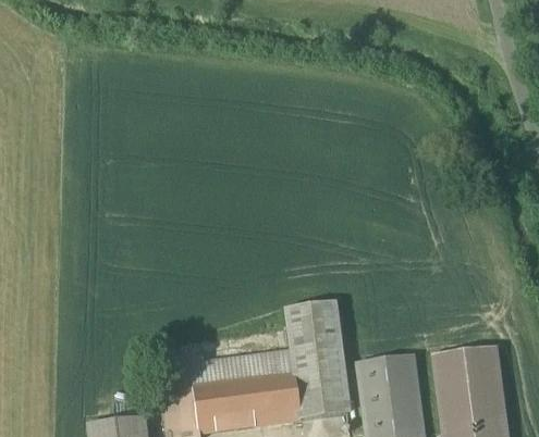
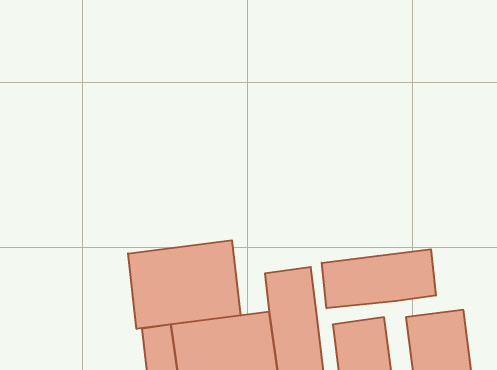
building: none -> [128,240,240,329]
building: none -> [322,249,436,308]

